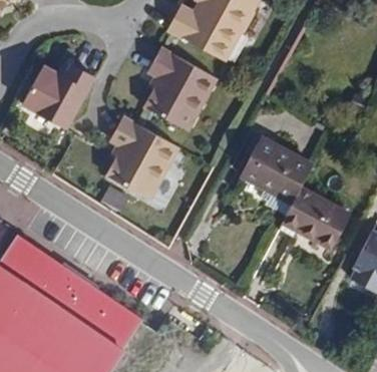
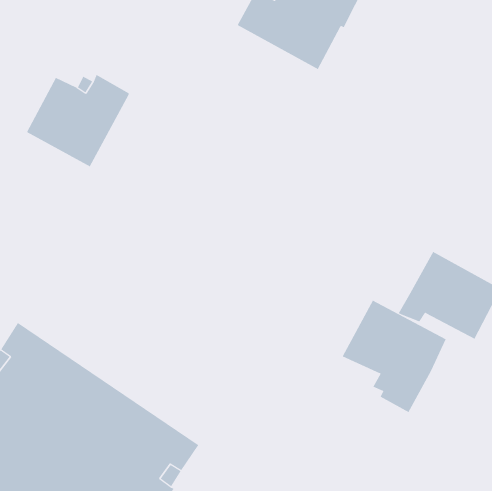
building: [131,56,215,132] -> none
building: [104,117,176,201] -> none
building: [241,137,313,216] -> [342,300,446,413]

